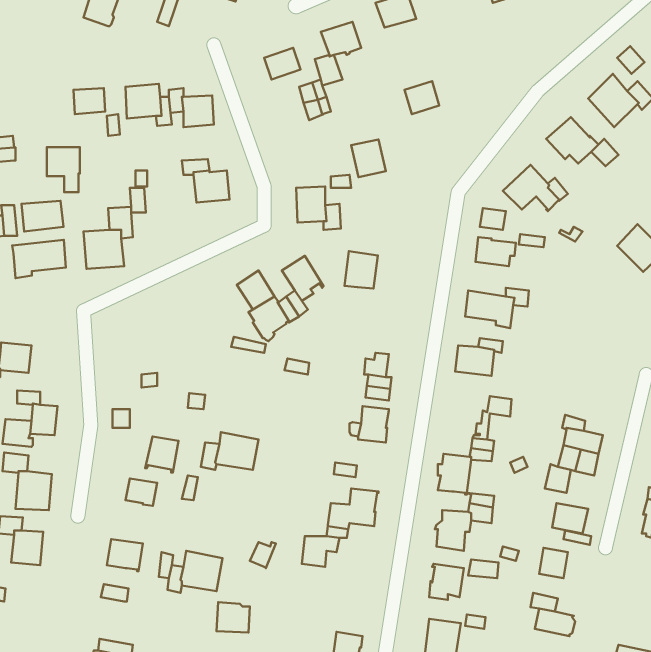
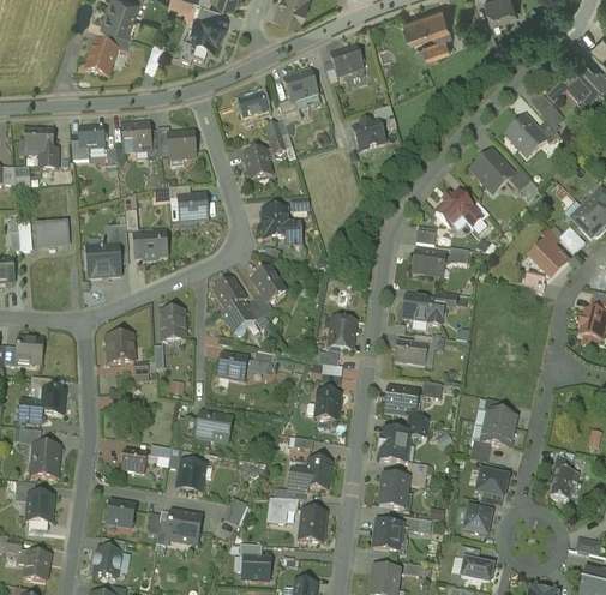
building: [351,139,386,177] -> [244,148,272,179]
building: [47,147,80,192] -> [25,130,53,167]
building: none -> [134,229,167,258]
building: [12,240,66,278] -> none
building: [345,251,378,289] -> [329,317,356,348]
building: none -> [160,309,185,342]
building: none -> [107,335,134,363]
building: none -> [217,353,247,380]
building: none -> [385,386,418,414]
building: [145,436,178,473] -> [178,461,205,491]
building: none -> [299,509,326,542]
building: none -> [94,547,121,576]
building: none -> [23,549,50,581]
building: [217,602,250,633] -> [242,555,270,581]

